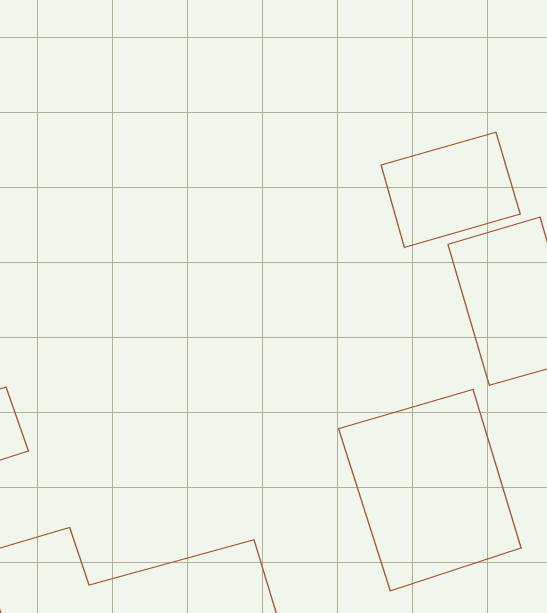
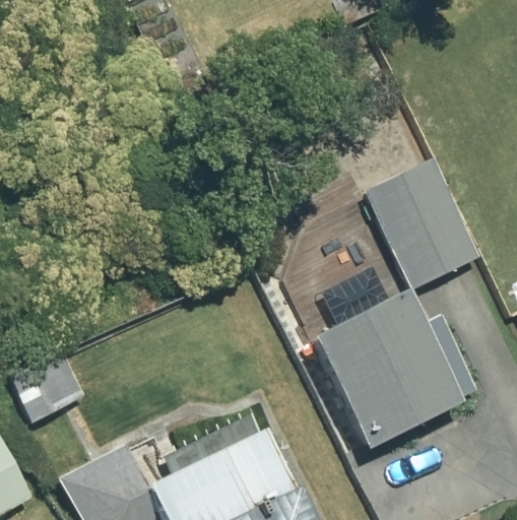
building: [381,132,520,248] -> none

